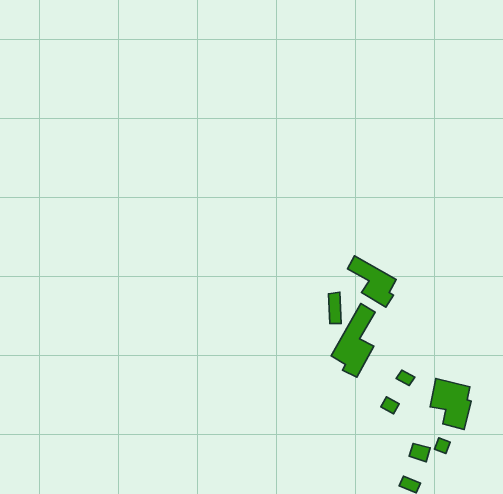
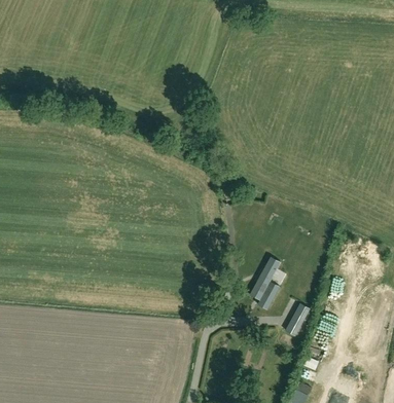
building: [347,256,396,307] -> none

